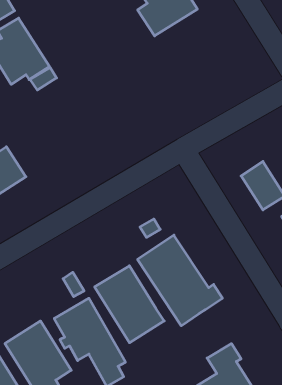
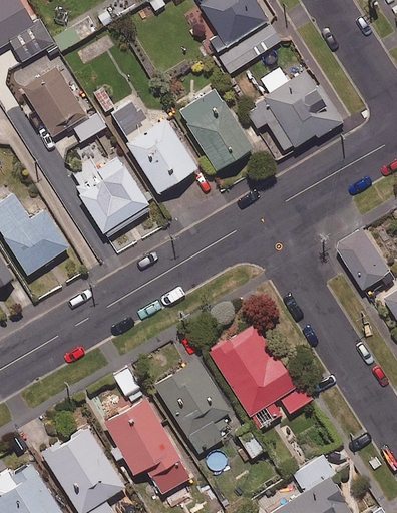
building: none -> [247,68,342,159]
building: none -> [178,89,253,171]
building: none -> [108,98,197,194]
building: none -> [69,158,150,237]

